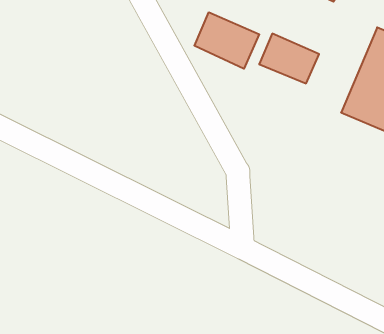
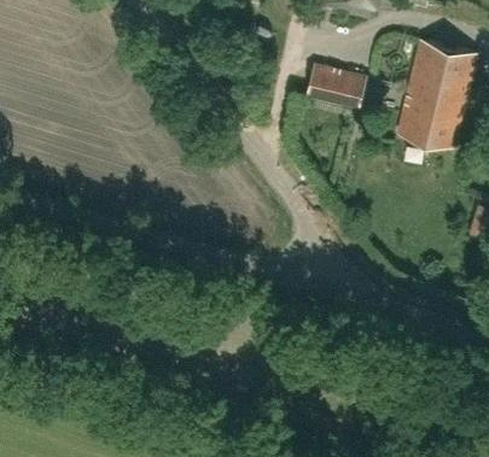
building: [194,12,259,69] -> none

